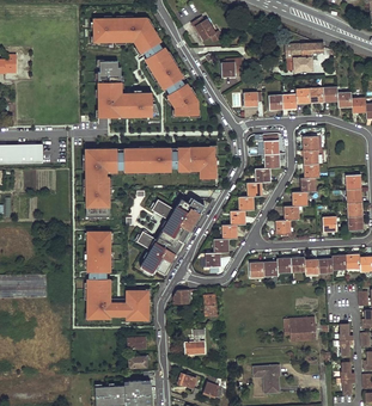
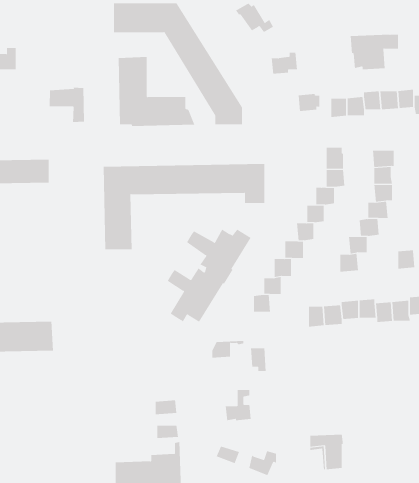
building: none -> [49,87,84,123]
building: [85,229,147,320] -> none
building: [282,316,313,340] -> none

